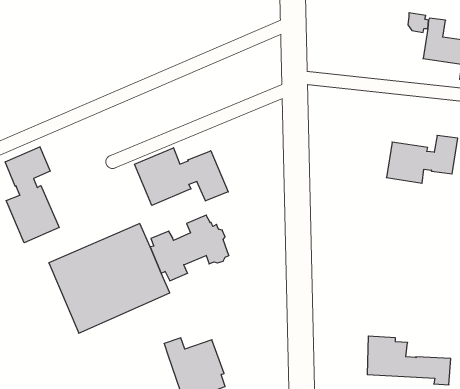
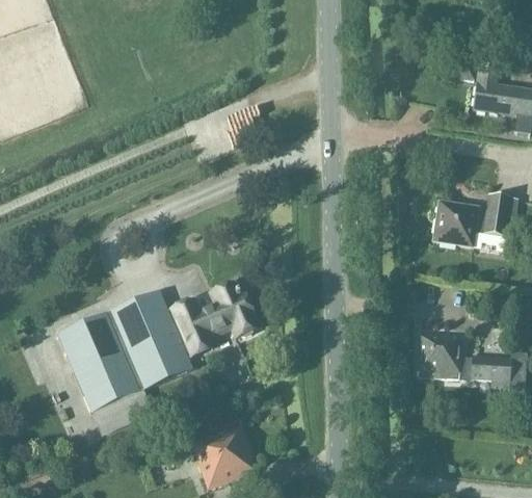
building: [5,147,59,243] -> none
building: [134,148,228,205] -> none
building: [367,336,451,385] -> [418,333,510,387]

